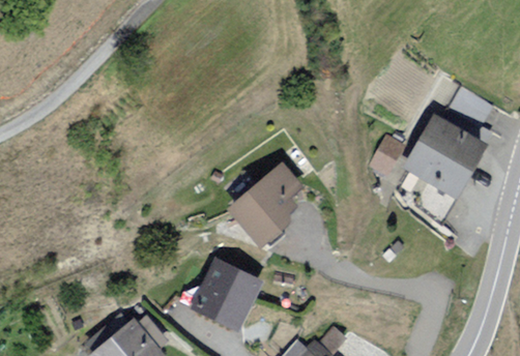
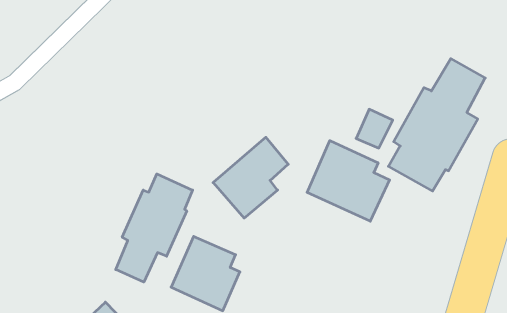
building: none -> [307,141,390,221]
building: none -> [116,174,193,282]

